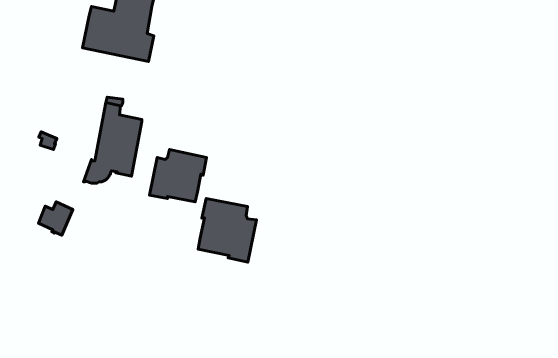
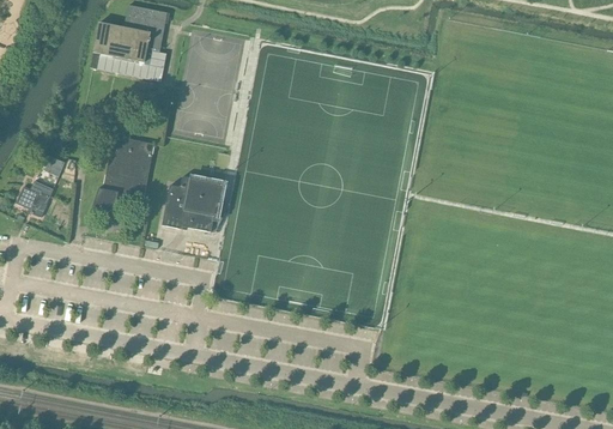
building: [198,198,257,262] -> none
building: [38,202,73,235] -> [17,181,54,217]

